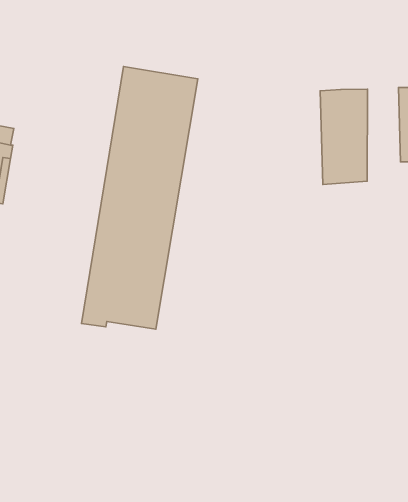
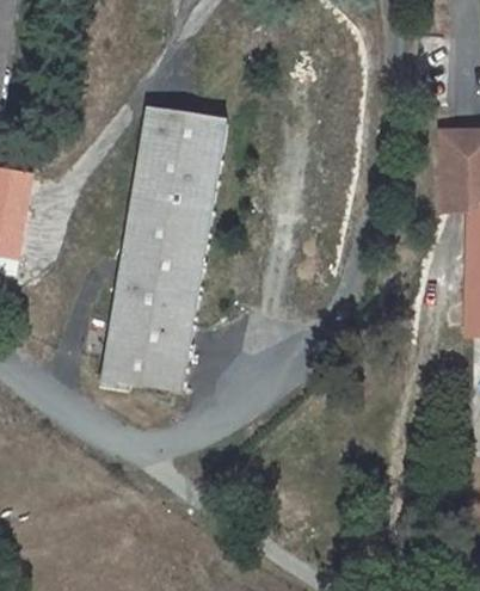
building: [320,89,368,184] -> none

